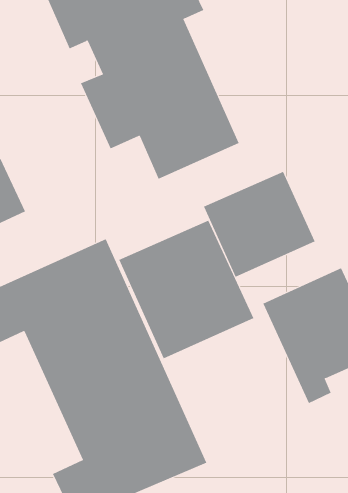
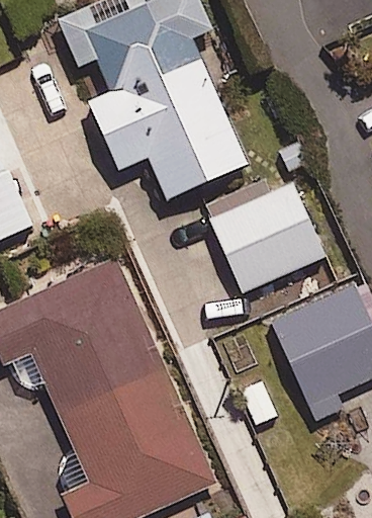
building: [119,220,254,359] -> none

